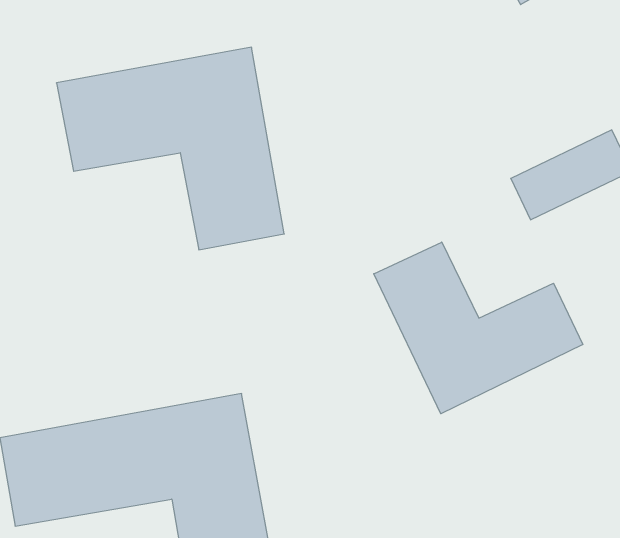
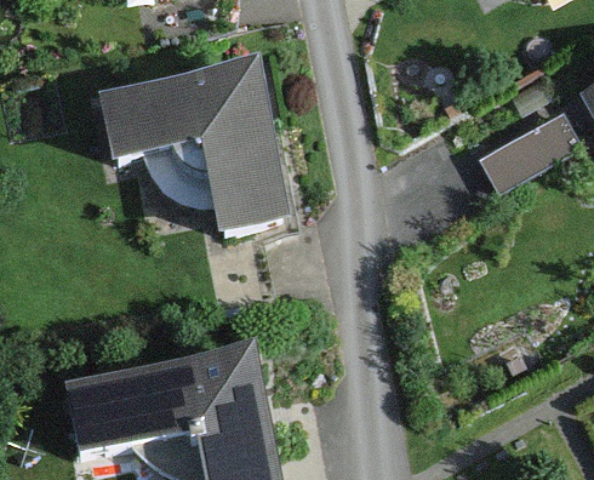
building: [374,242,583,414] -> none

